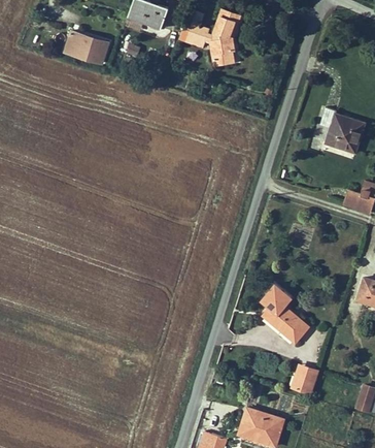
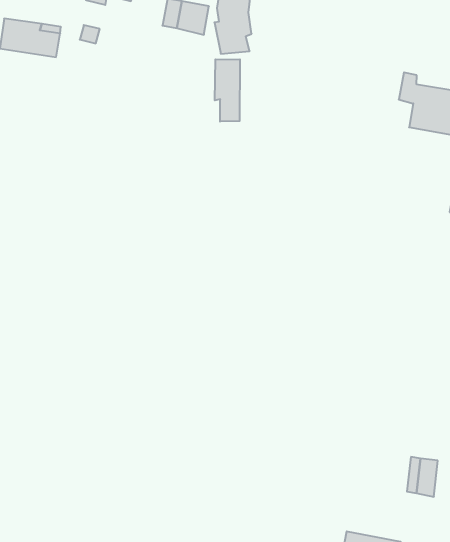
building: none -> [215,59,240,122]
building: [264,280,307,342] -> none

